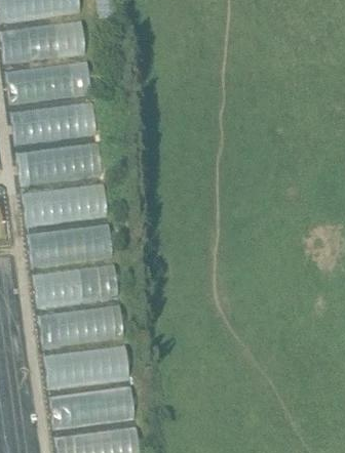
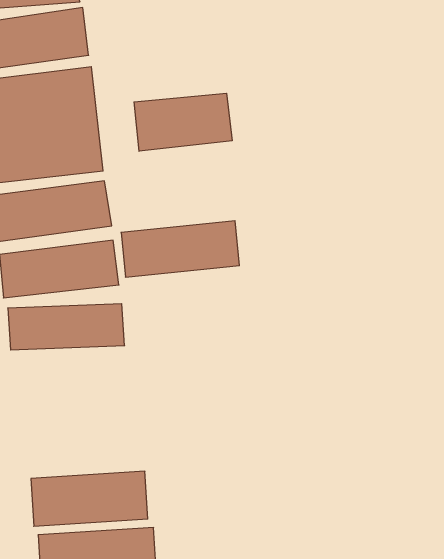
building: none -> [134,93,232,151]
building: [33,266,117,306] -> [121,221,239,277]
building: [38,306,122,347] -> none

